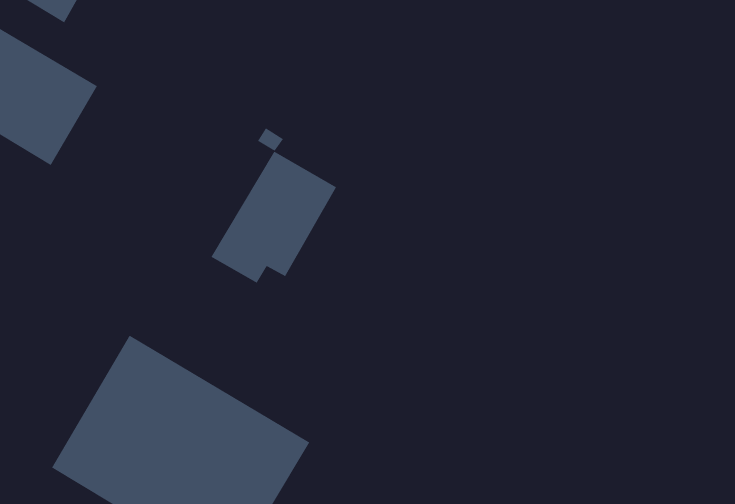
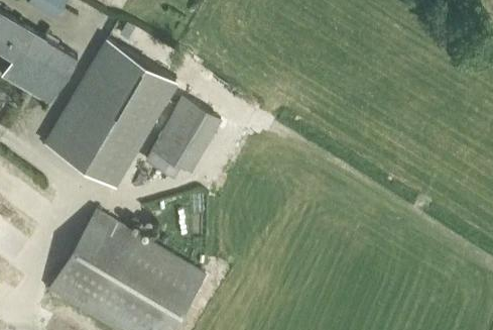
building: none -> [44,40,173,185]

